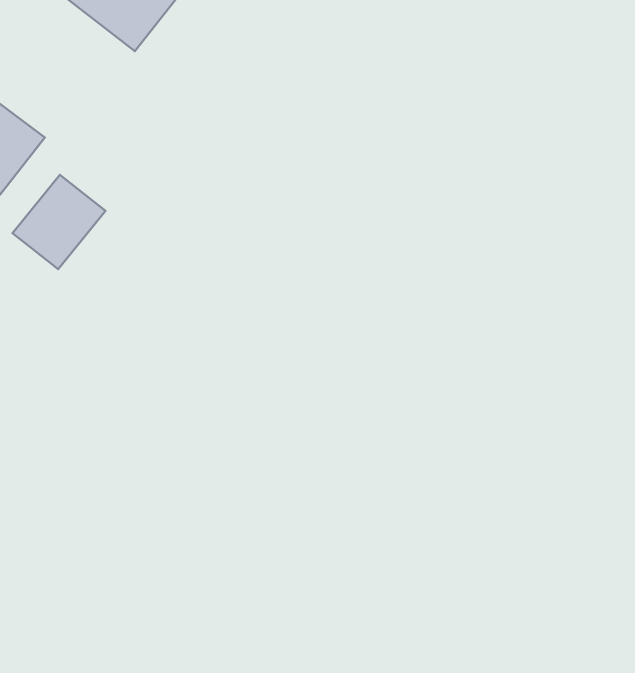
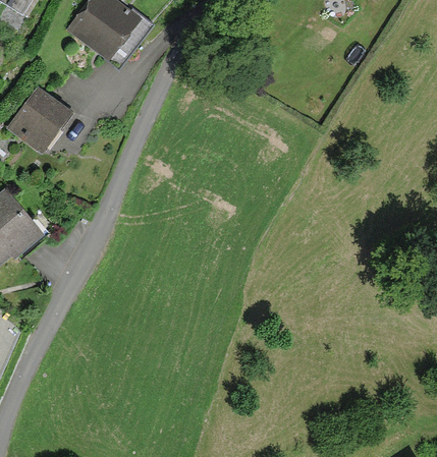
building: [12,175,105,269] -> none

